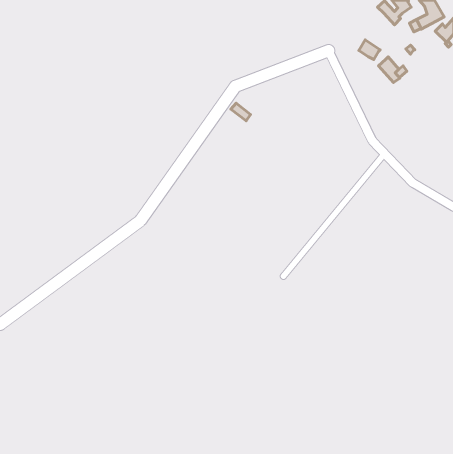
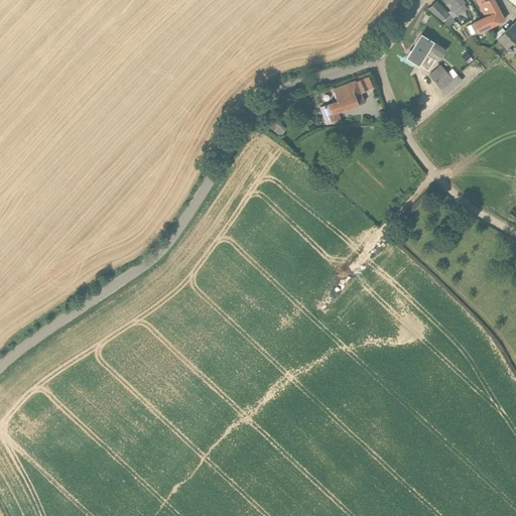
building: none -> [415,34,446,61]
building: none -> [320,81,365,125]

